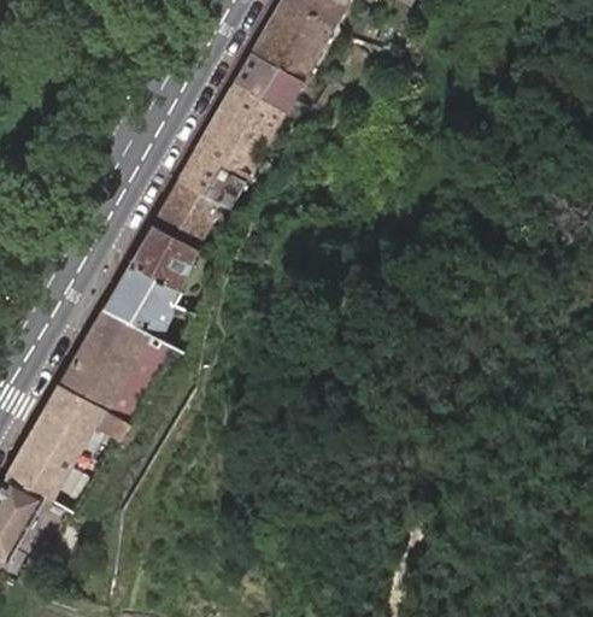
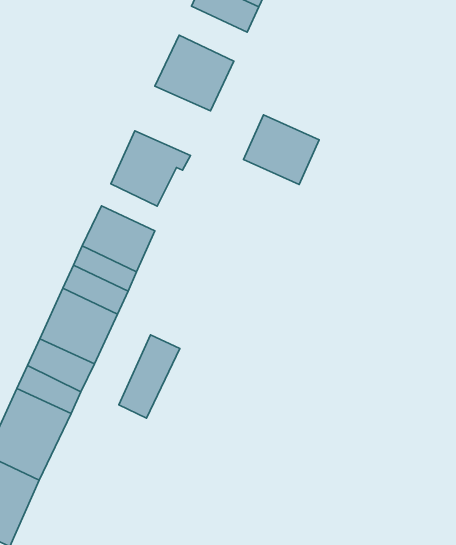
building: [249,25,321,87] -> none
building: [194,105,275,181] -> [243,115,319,184]
building: [152,202,218,255] -> none
building: none -> [119,335,180,418]

